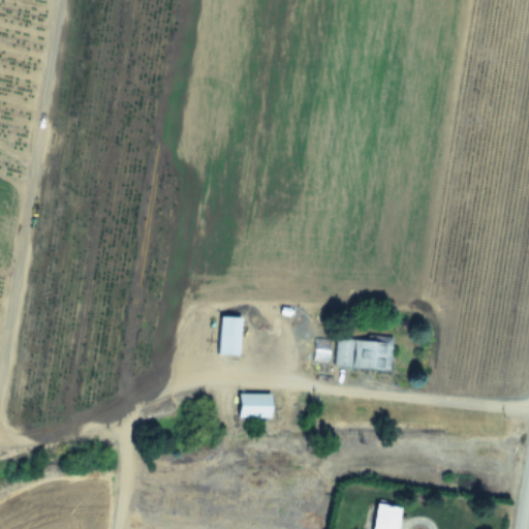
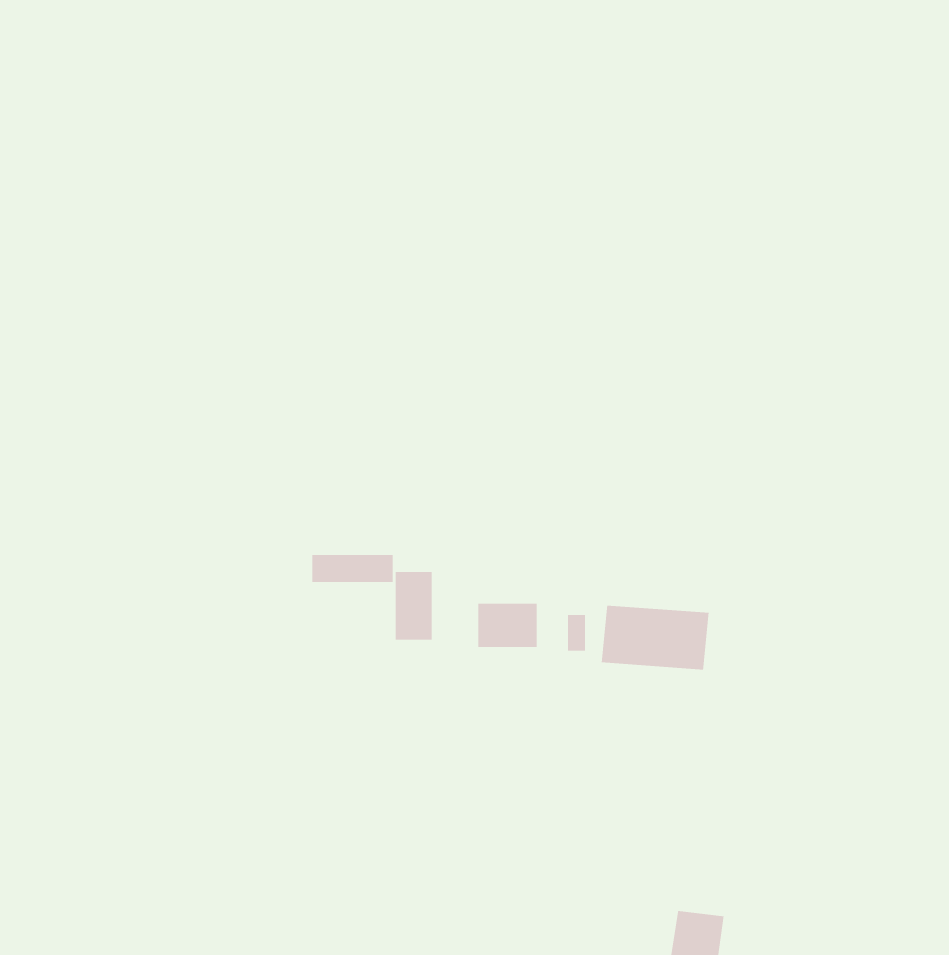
building: none -> [311,554,394,583]
building: [240,393,273,417] -> [478,603,537,648]

